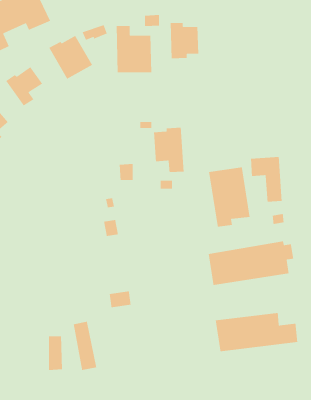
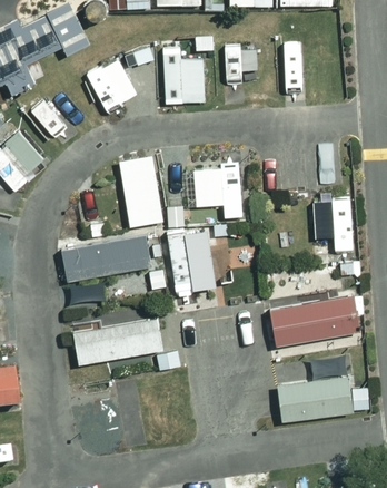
building: none -> [118,155,163,226]
building: [208,167,250,227] -> [167,228,215,297]
building: none -> [60,233,150,282]
building: none -> [72,318,162,362]

